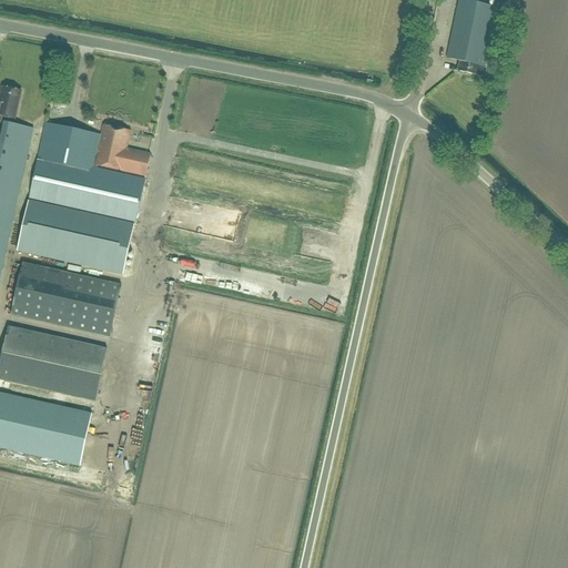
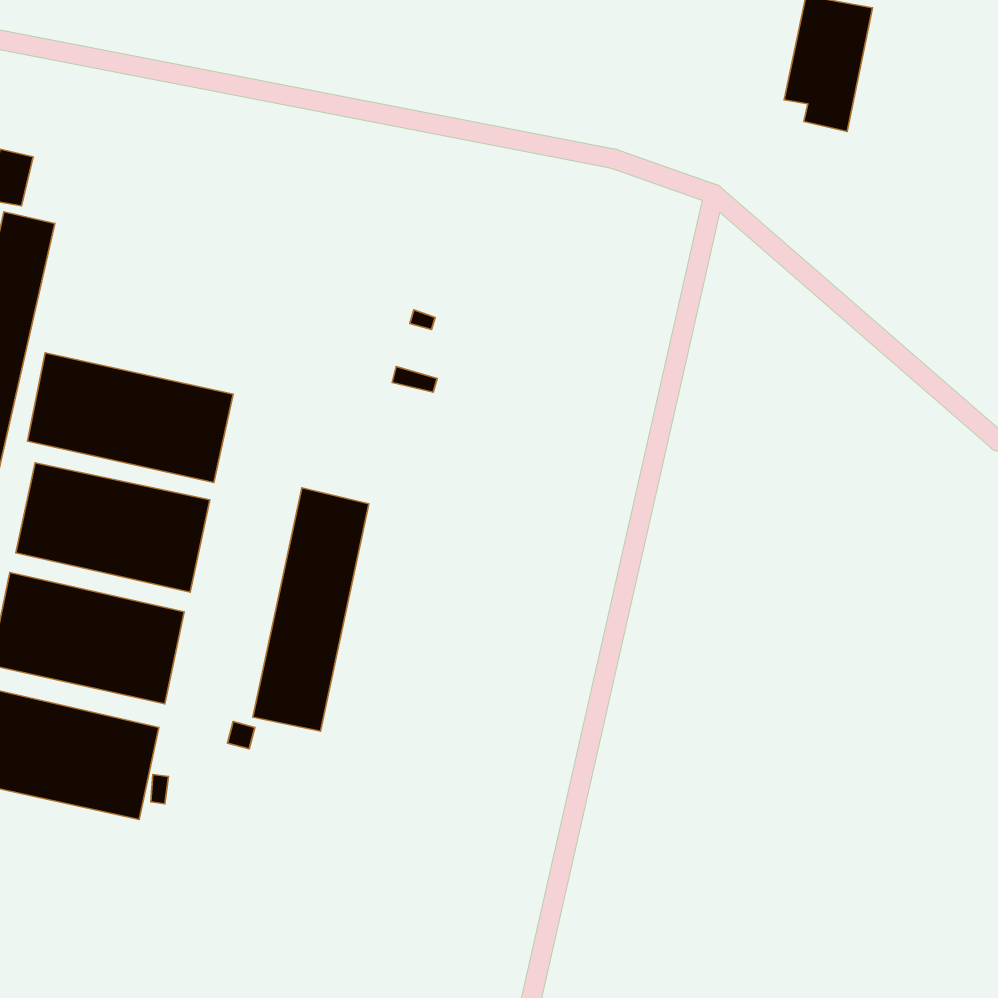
building: [26,121,149,223] -> none
building: none -> [253,488,369,731]

